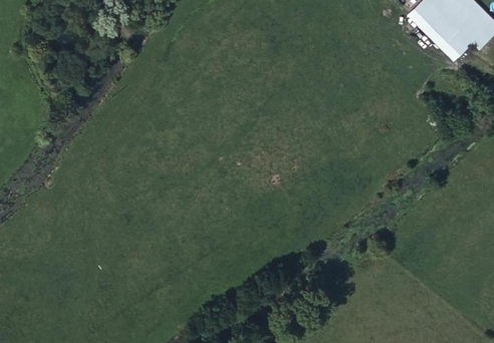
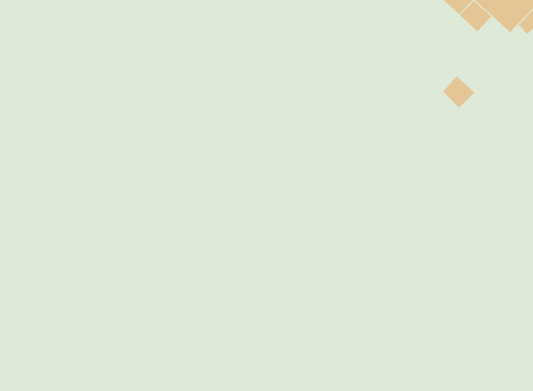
building: [440,34,467,61] -> [442,76,475,109]

